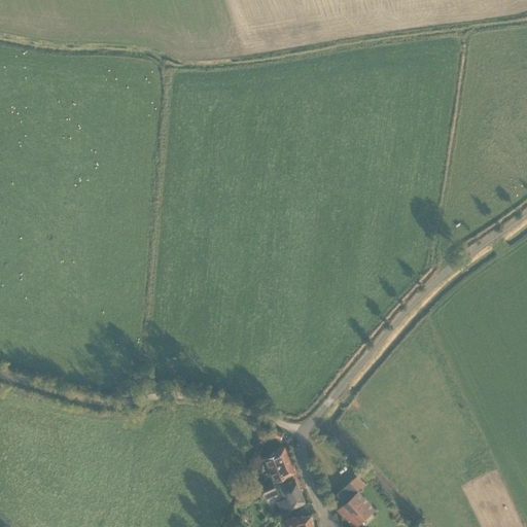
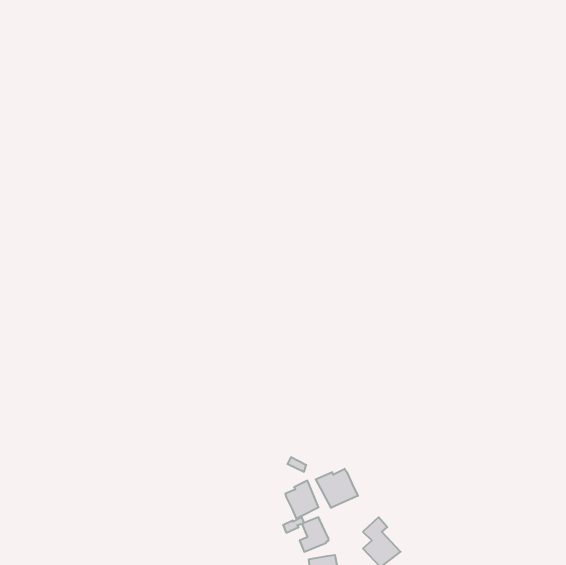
building: none -> [316,469,358,508]

